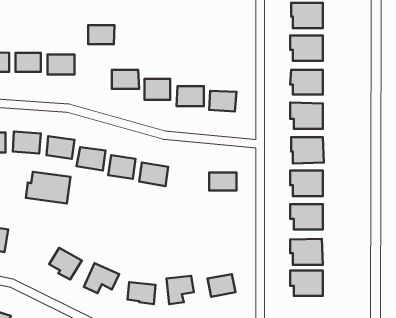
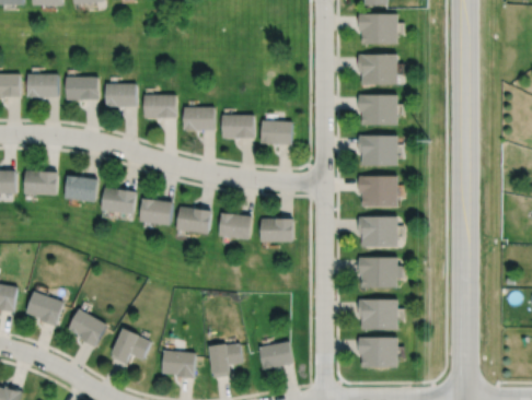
building: [88,25,115,44] -> [105,83,137,106]
building: none -> [218,212,252,240]
building: [26,172,71,203] -> none
building: none -> [25,292,65,328]

